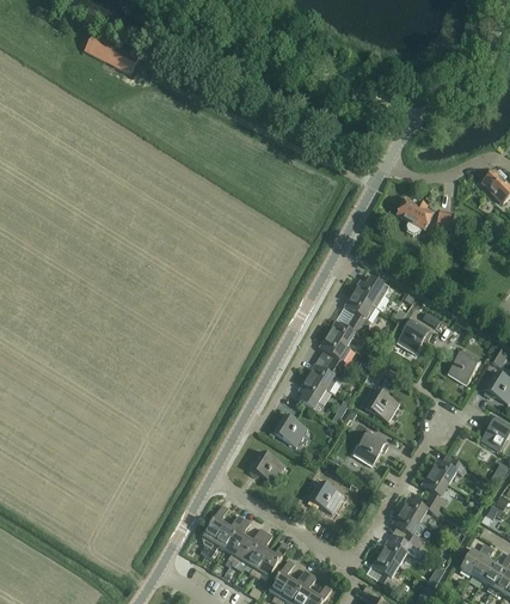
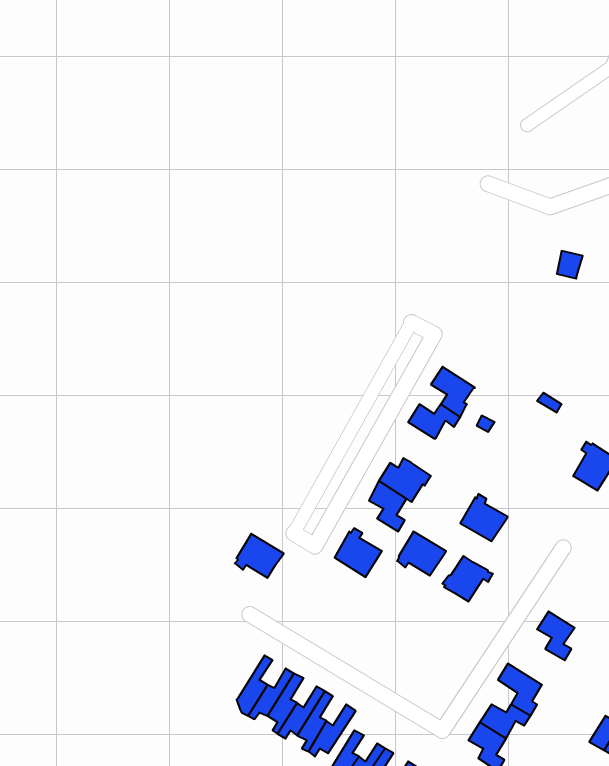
building: [85,32,140,73] -> none
building: [397,196,434,233] -> none
building: [352,275,389,307] -> none
building: [397,317,432,352] -> none
building: [319,332,351,372] -> none
building: [250,450,285,482] -> [235,534,284,578]
building: [430,453,467,483] -> none
building: [308,480,344,512] -> [397,532,446,576]
building: [400,495,442,525] -> none

